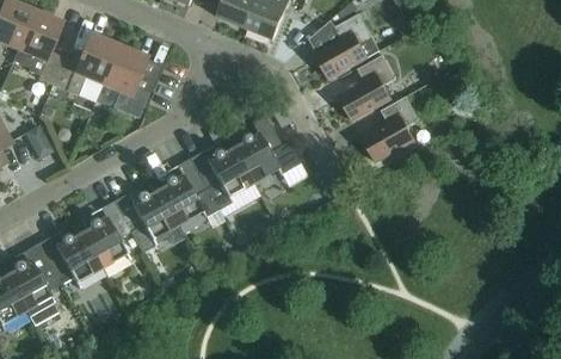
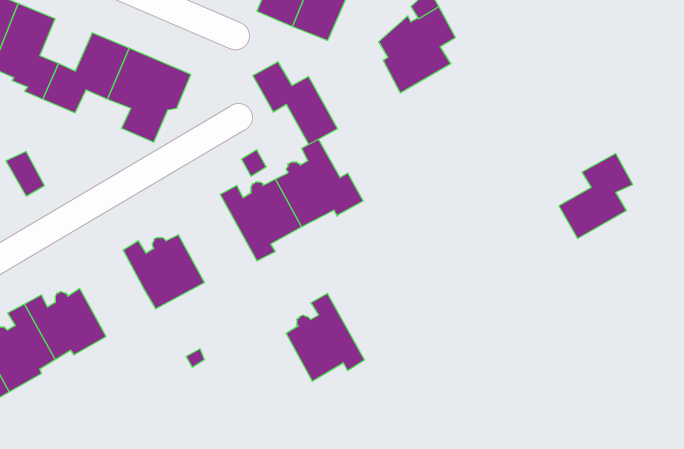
building: [338,54,395,120] -> none
building: none -> [253,62,337,144]
building: [362,95,419,161] -> [559,154,633,238]
building: [156,157,217,225] -> [286,293,365,381]
building: [80,200,130,267] -> none

